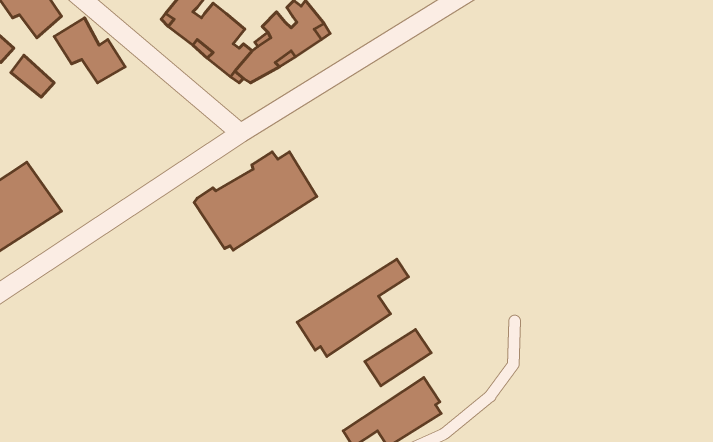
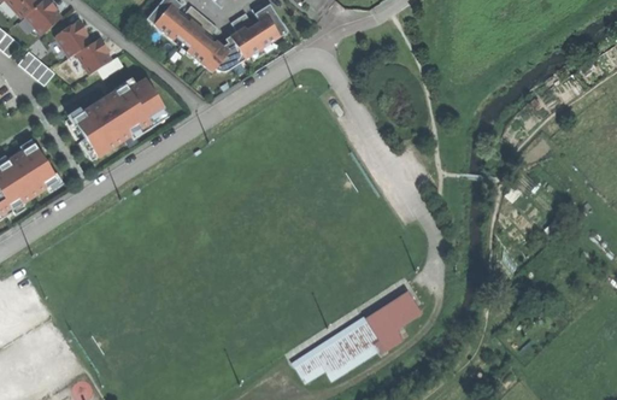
building: [194,152,317,250] -> [66,78,169,160]
building: [297,259,408,357] -> none
building: [365,330,431,386] -> [363,293,418,340]

